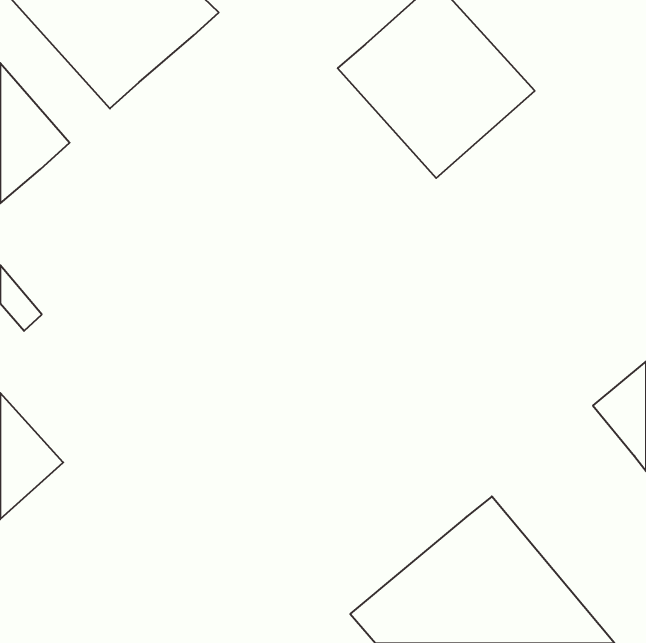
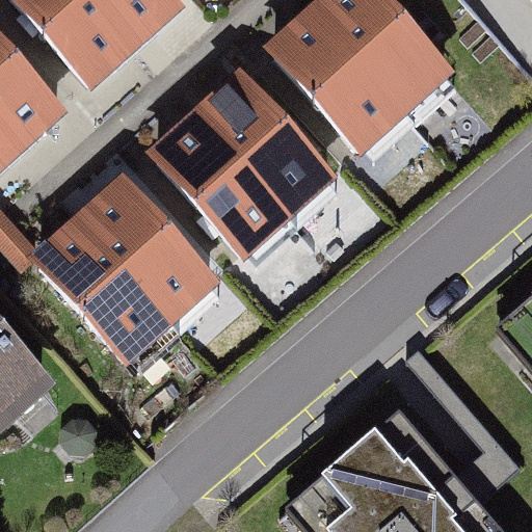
building: none -> [165,92,326,255]
building: none -> [42,195,208,363]

